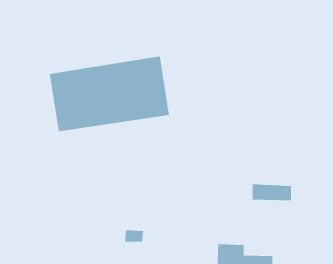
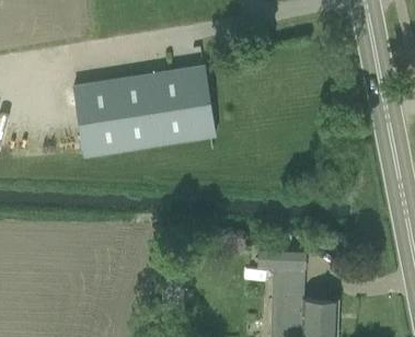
building: [252,184,292,201] -> [258,248,306,269]

